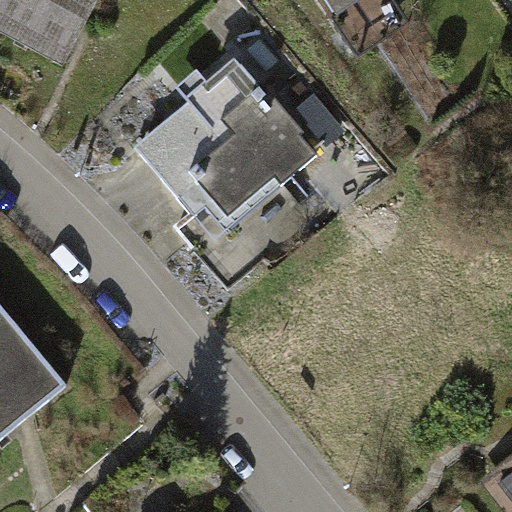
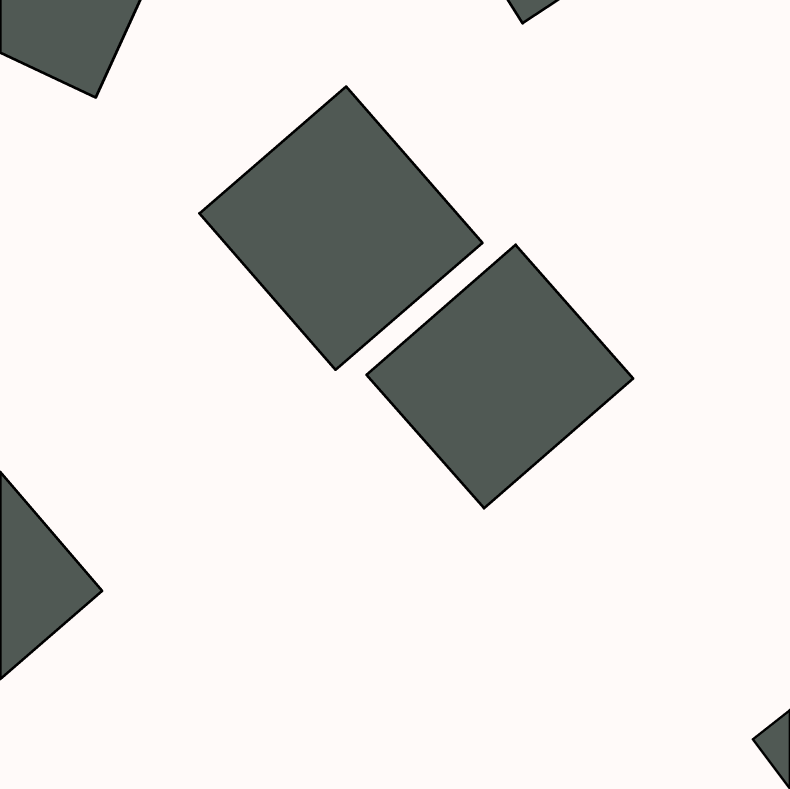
building: none -> [367,245,633,508]

